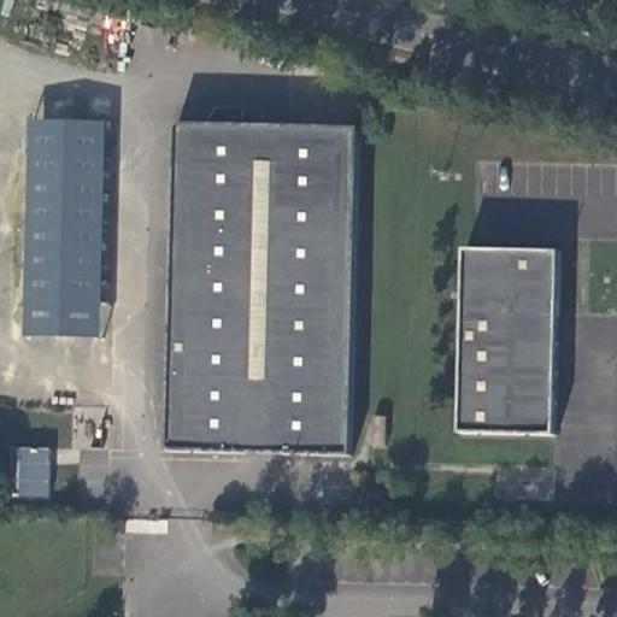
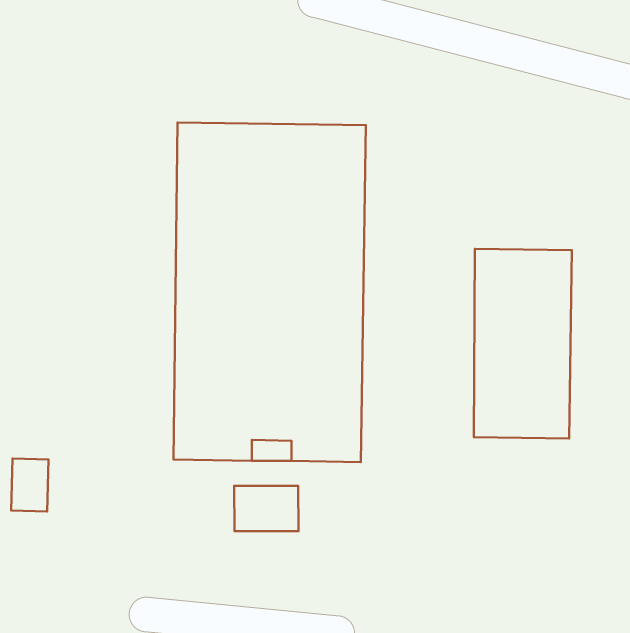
building: [16,118,102,336] -> none
building: none -> [234,486,299,531]

